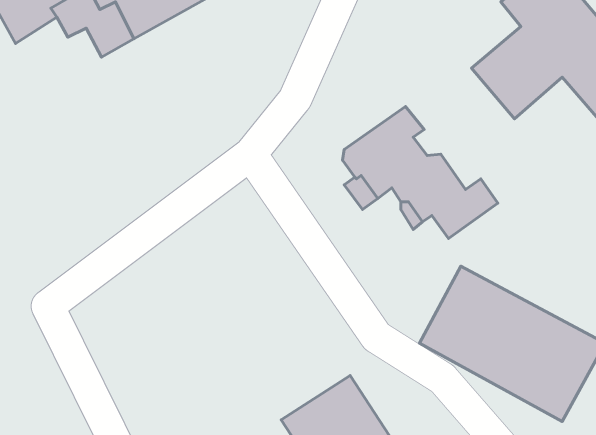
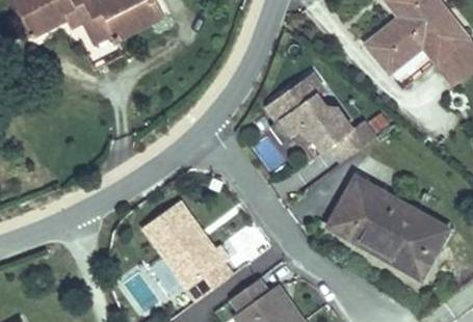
building: none -> [144,204,231,292]

